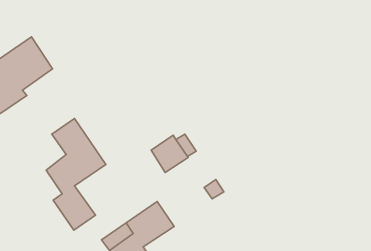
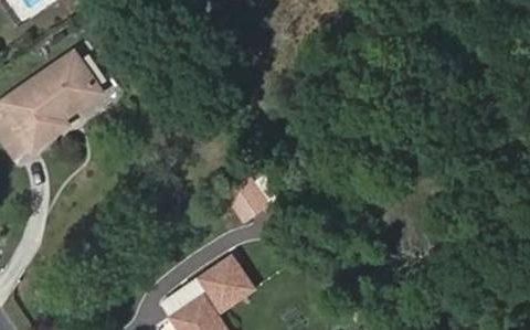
building: [46,119,106,230] -> none

